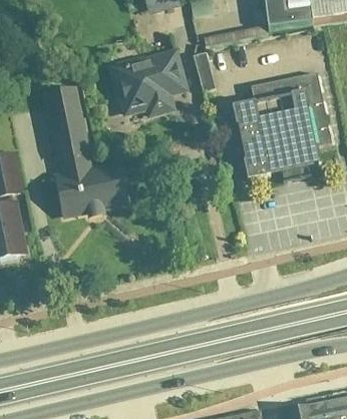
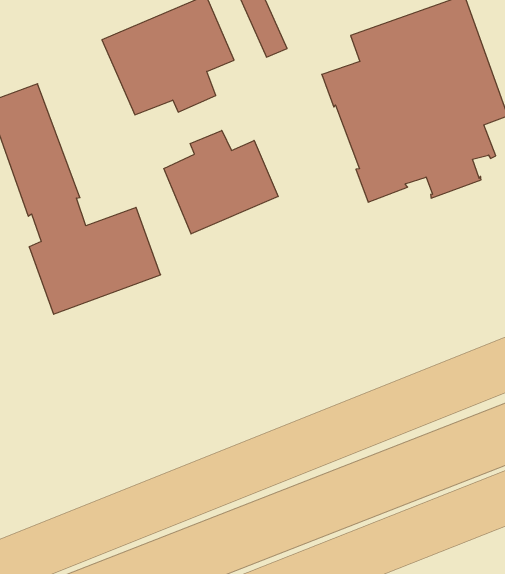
building: none -> [164,130,278,234]

